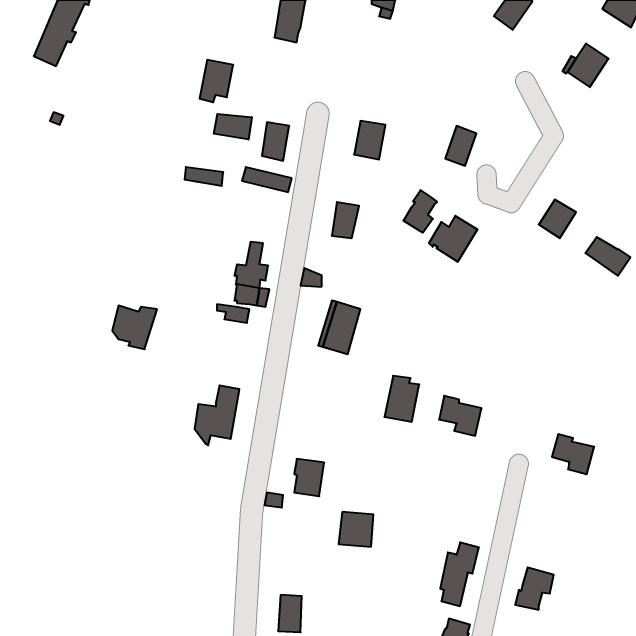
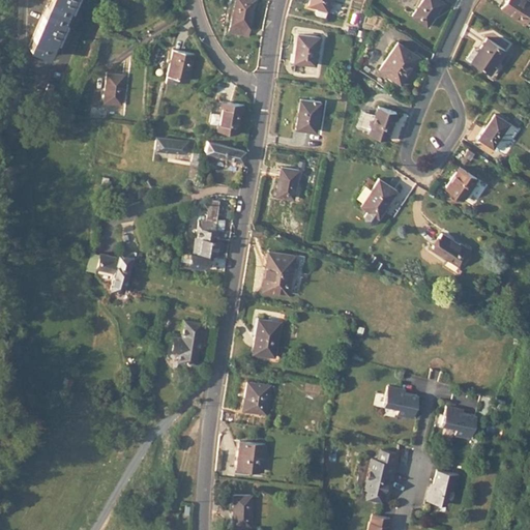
building: none -> [295,37,321,67]
building: none -> [380,41,419,84]
building: none -> [104,77,124,108]
building: [214,114,252,140] -> none
building: none -> [480,115,520,148]
building: [403,190,437,233] -> none
building: [585,237,630,276] -> [434,234,471,266]
building: [384,376,419,422] -> [252,319,281,357]
building: [439,396,482,436] -> [385,387,420,420]
building: [552,434,594,474] -> [444,410,479,443]
building: [339,512,373,547] -> [237,442,266,471]

